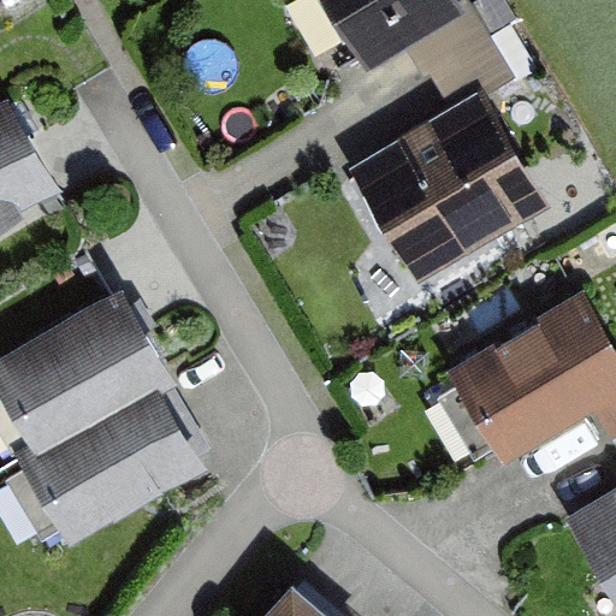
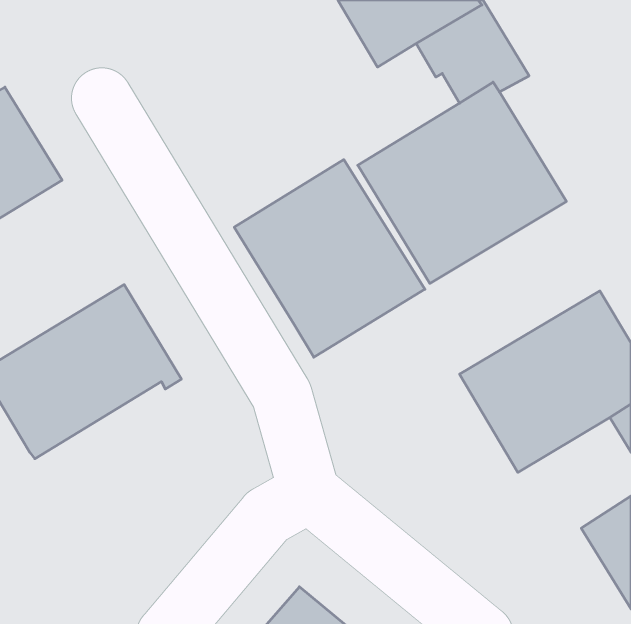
building: none -> [234,160,425,357]
building: [13,380,207,547] -> none

